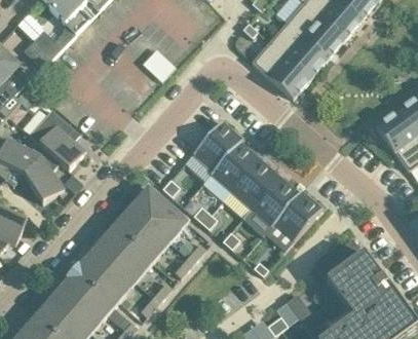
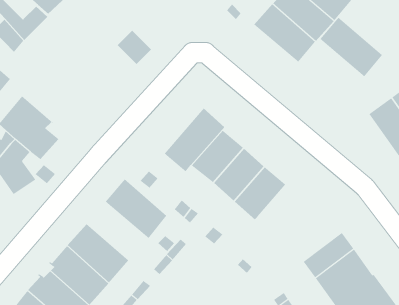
building: [252,41,311,98] -> [320,17,383,77]
building: [273,189,322,240] -> none
building: [112,208,170,263] -> none

